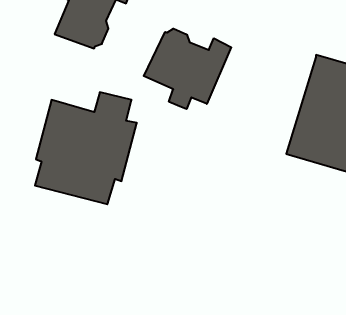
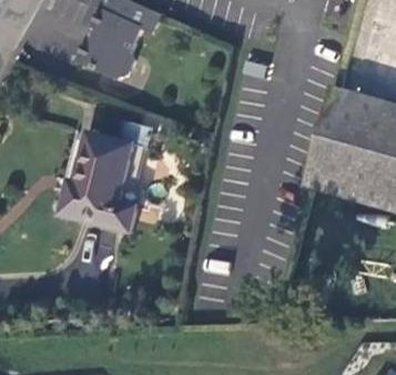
building: [144,29,231,109] -> none

